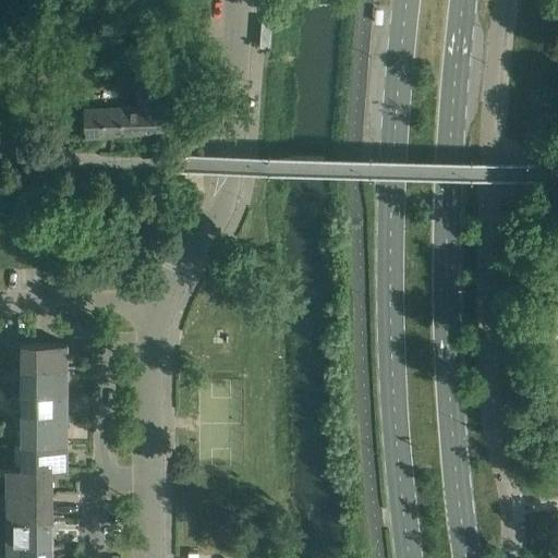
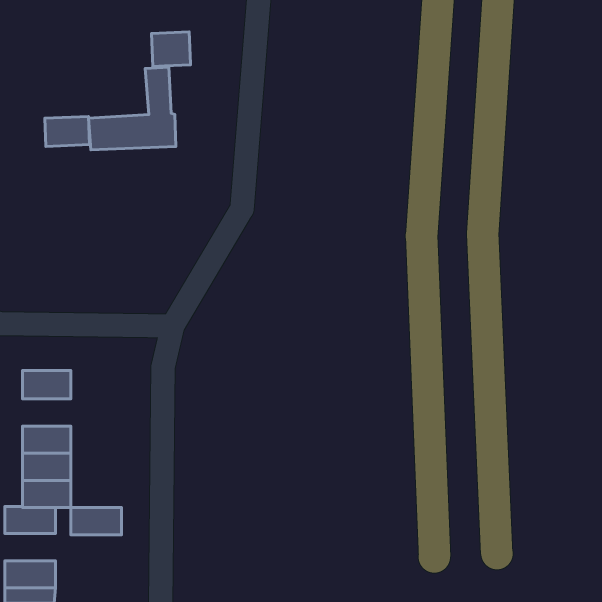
building: none -> [151,32,190,66]
building: none -> [45,117,90,146]
building: [21,369,65,395] -> none
building: [4,494,51,519] -> [71,508,122,535]

